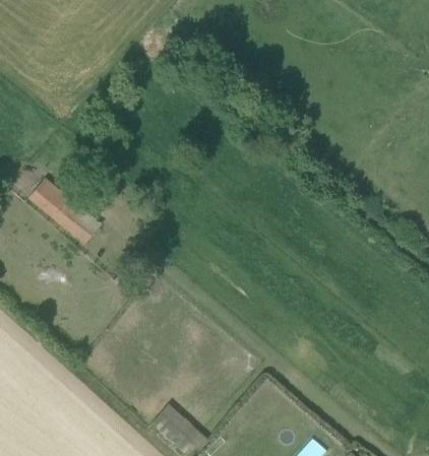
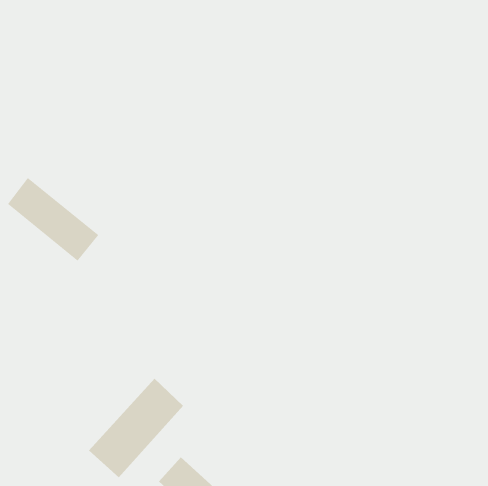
building: none -> [88,378,184,478]

